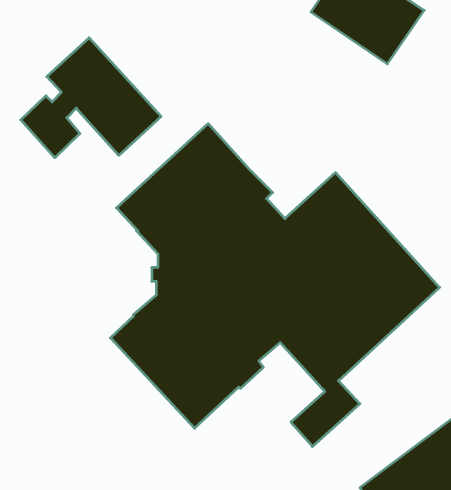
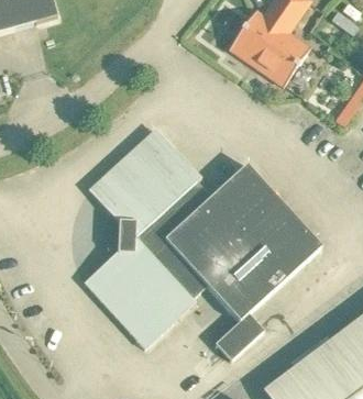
building: [21,38,161,158] -> none

